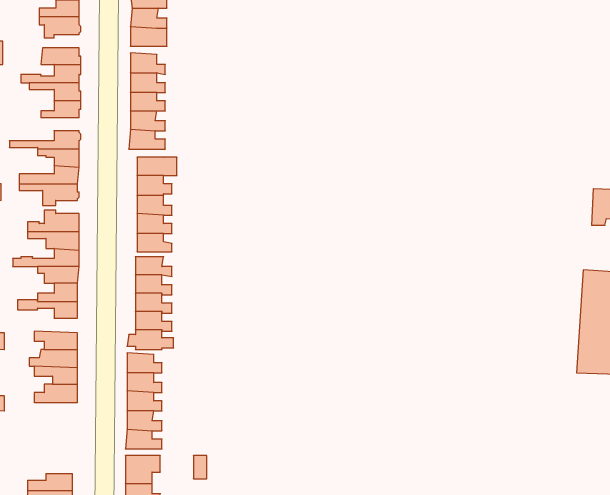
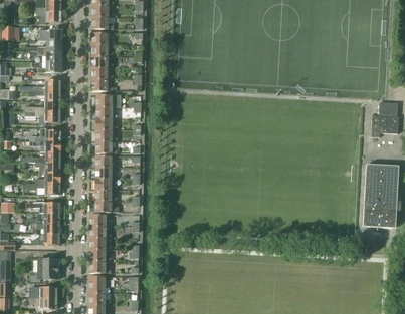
building: none -> [30,259,58,279]

